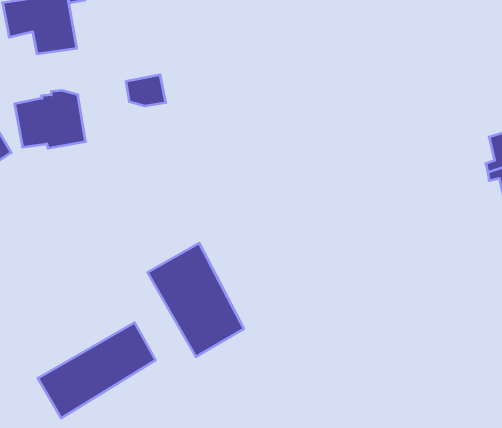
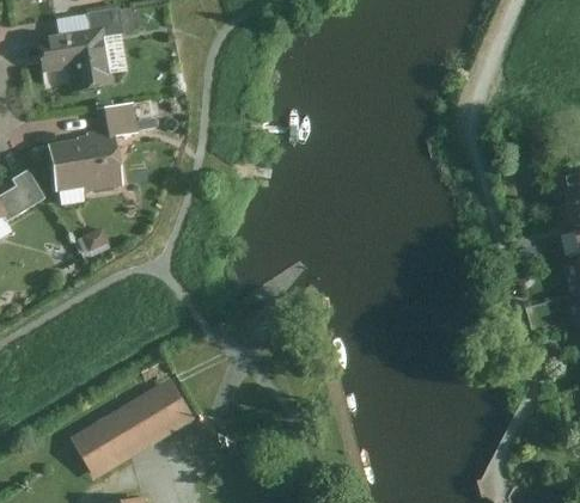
building: [126,75,166,106] -> [92,99,135,133]
building: [148,243,244,357] -> none

